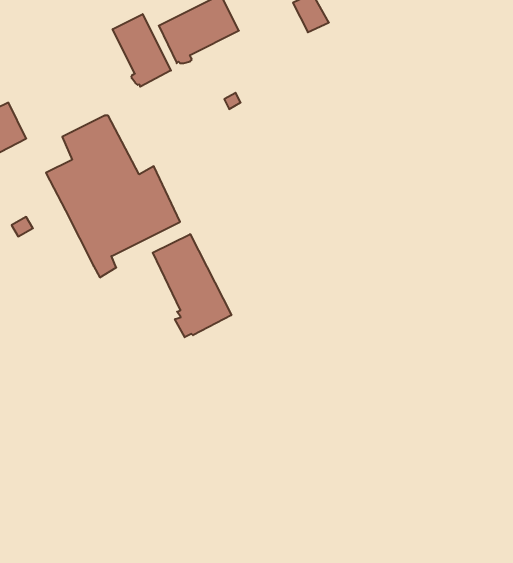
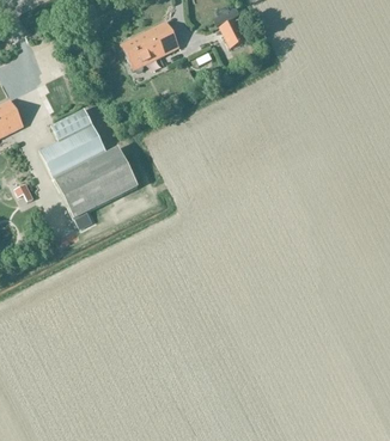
building: [113,14,171,87] -> none
building: [153,234,231,337] -> none

